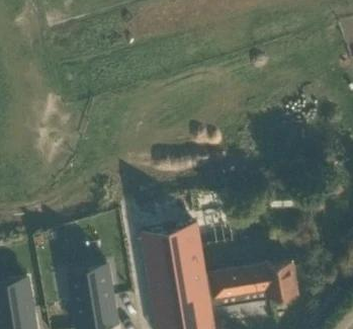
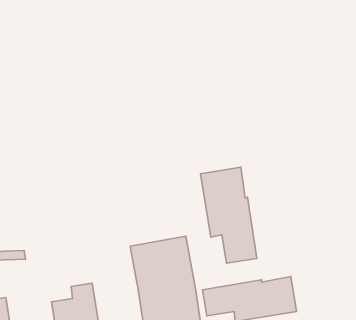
building: none -> [201,167,257,263]

